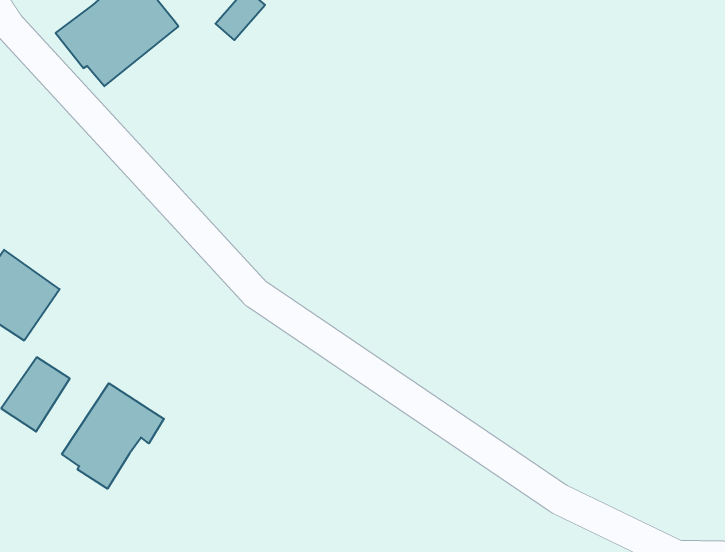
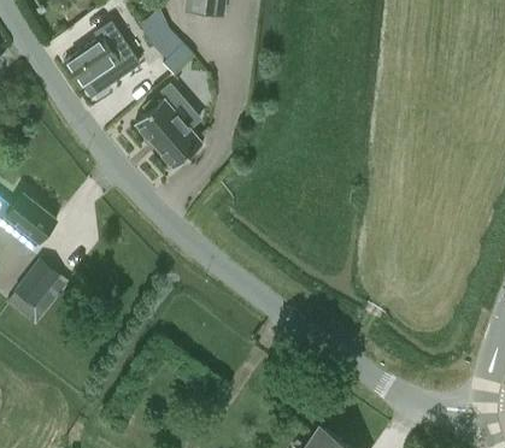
building: none -> [134,86,202,170]
building: [62,383,164,489] -> none

